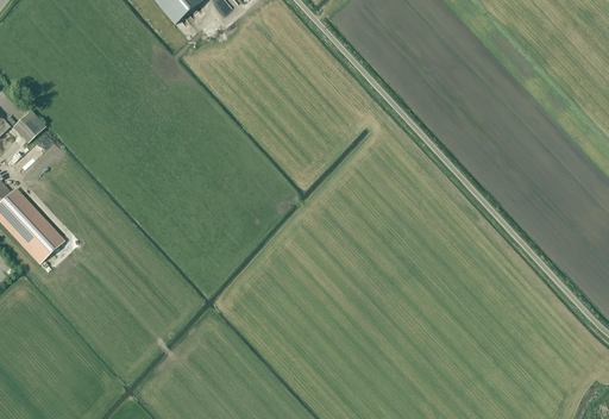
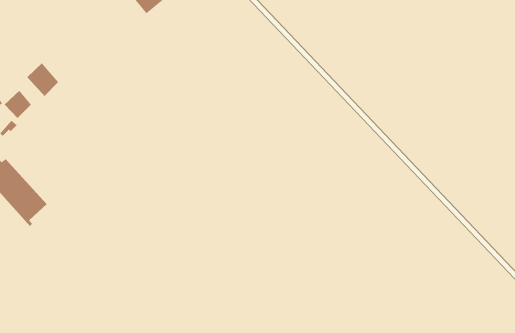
building: none -> [26,63,59,97]

